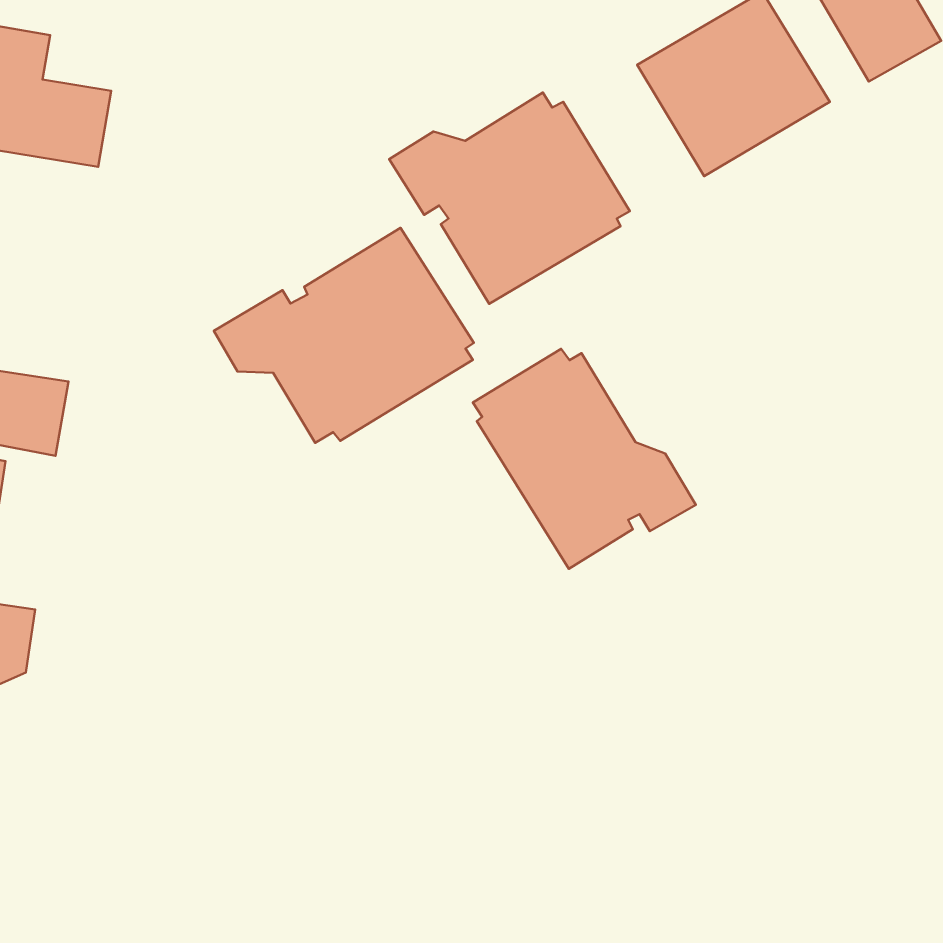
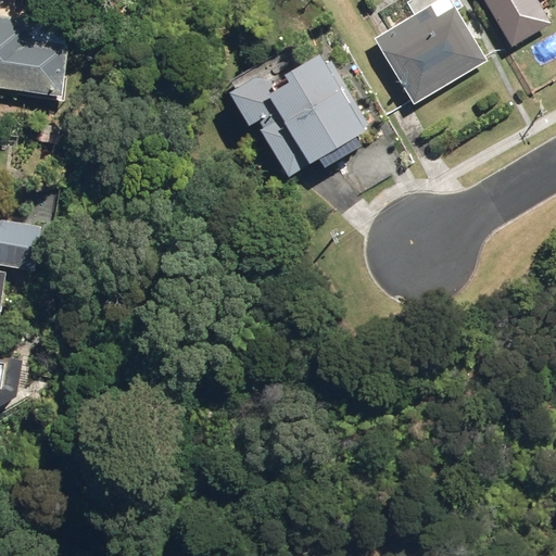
building: [214,228,474,443] -> none
building: [473,349,696,569] -> none

